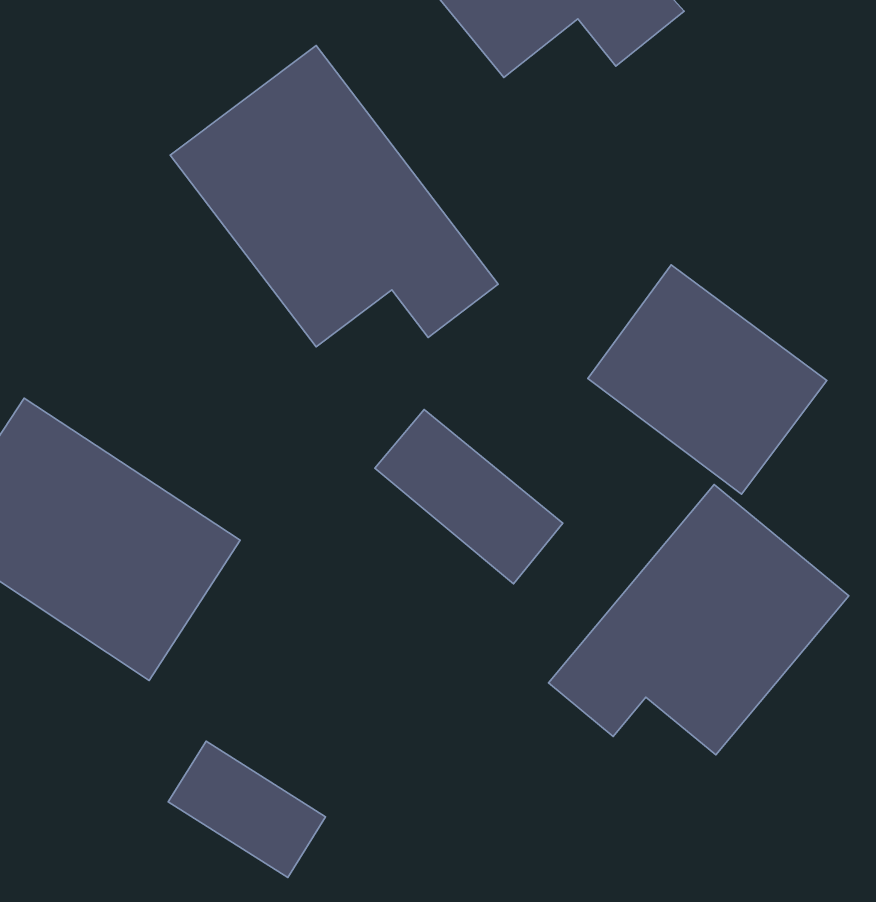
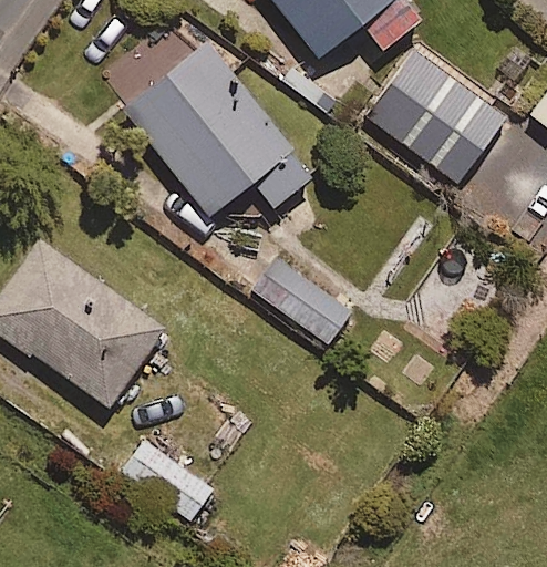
building: [588,265,827,494] -> [369,50,508,184]
building: [548,485,849,755] -> none

